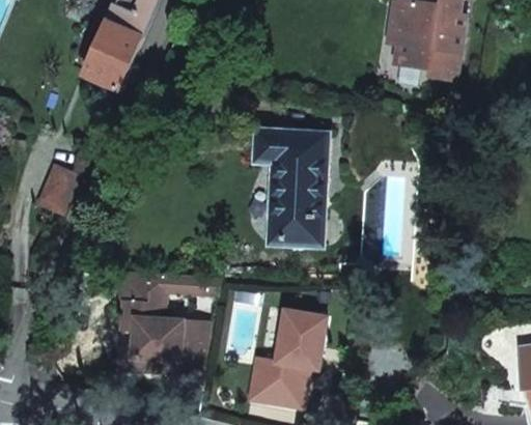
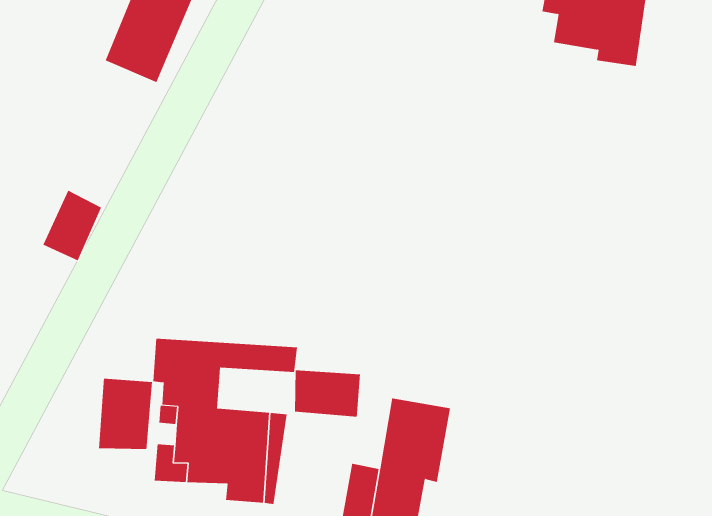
building: [254,131,326,248] -> none
building: none -> [294,369,360,417]
building: none -> [99,378,152,450]

